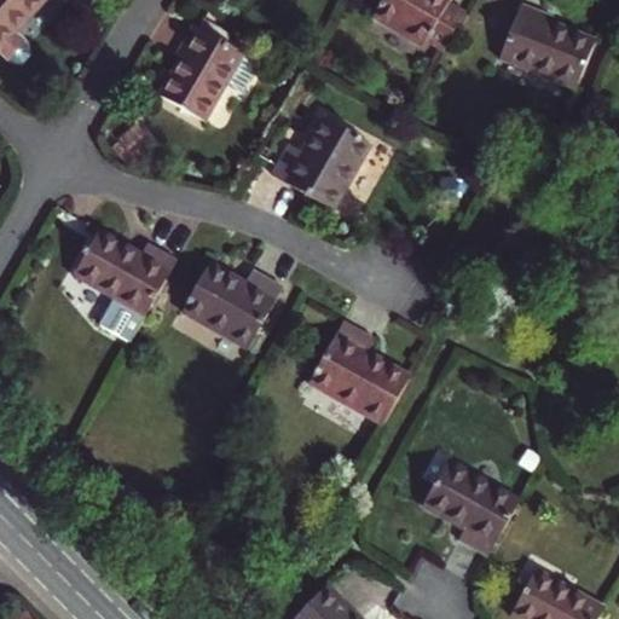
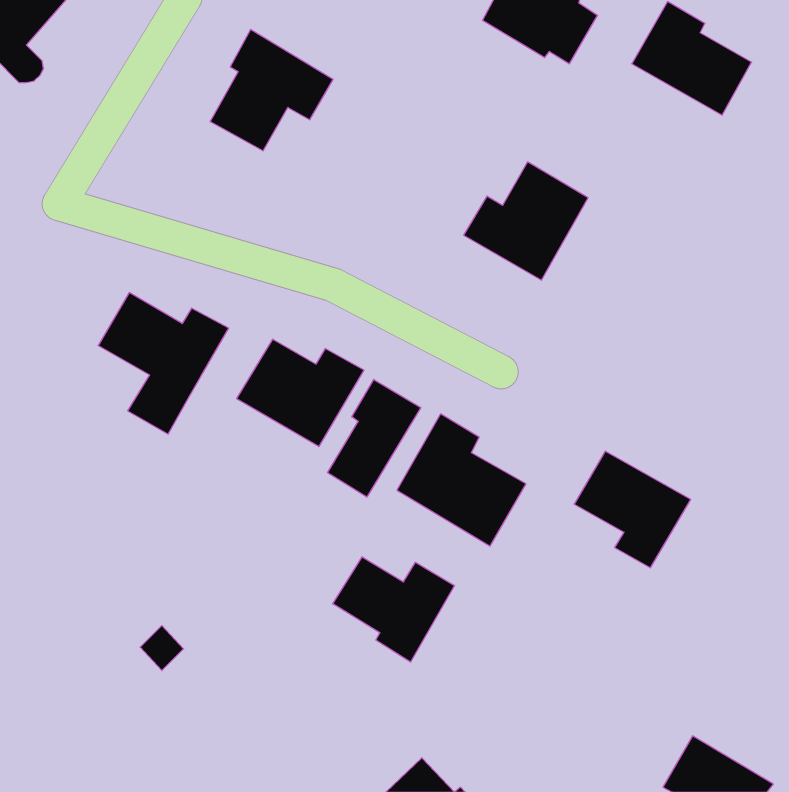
building: [271,111,368,203] -> [464,162,588,280]
building: none -> [328,379,421,497]
building: none -> [333,557,454,662]
building: [427,467,517,557] -> [574,451,691,568]

